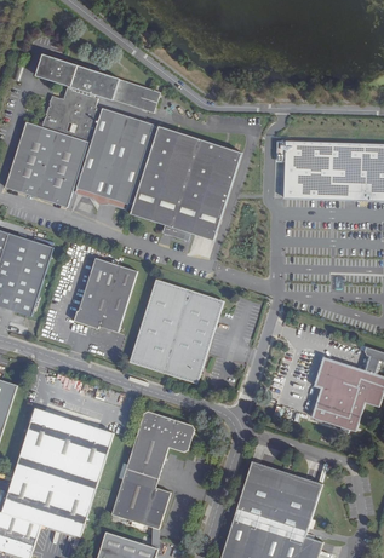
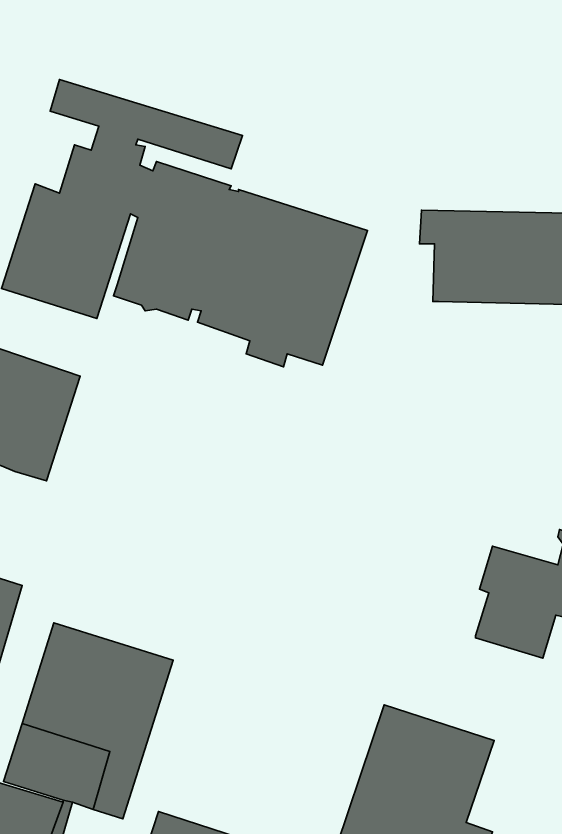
building: [71,257,134,330] -> none
building: [128,278,223,382] -> none
building: [111,410,193,525] -> none

